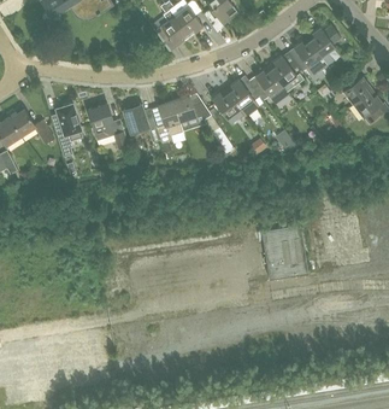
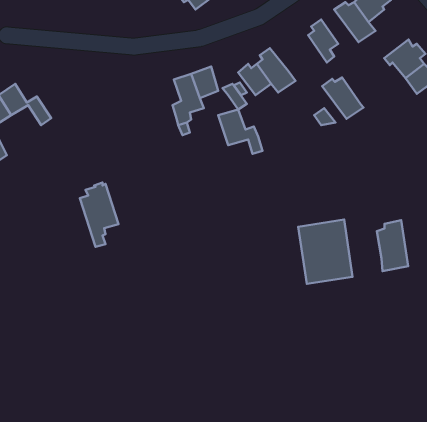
building: [254,68,289,103] -> [322,77,364,119]
building: [51,101,83,156] -> [80,183,118,247]
building: [88,103,129,147] -> none
building: [123,104,160,141] -> [218,109,263,154]
building: none -> [377,220,408,271]

